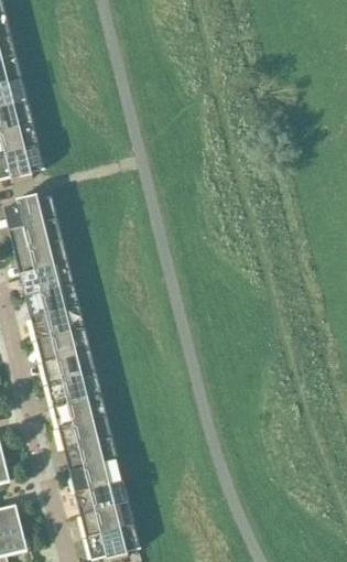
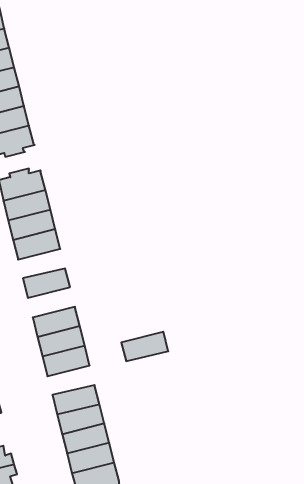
building: [25,283,78,316] -> none
building: [36,326,89,360] -> none
building: [58,414,111,447] -> [121,332,168,361]

